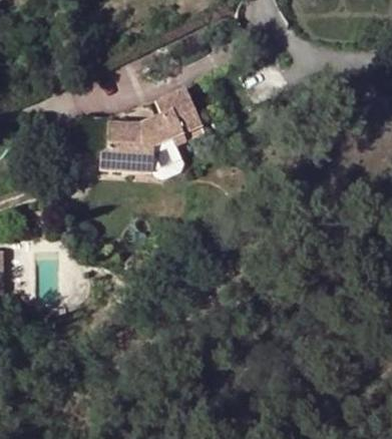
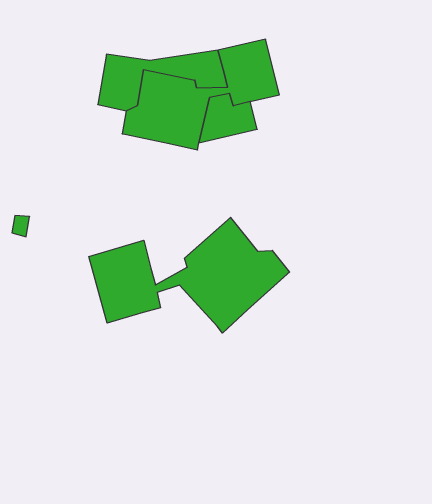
building: none -> [89,217,290,333]

